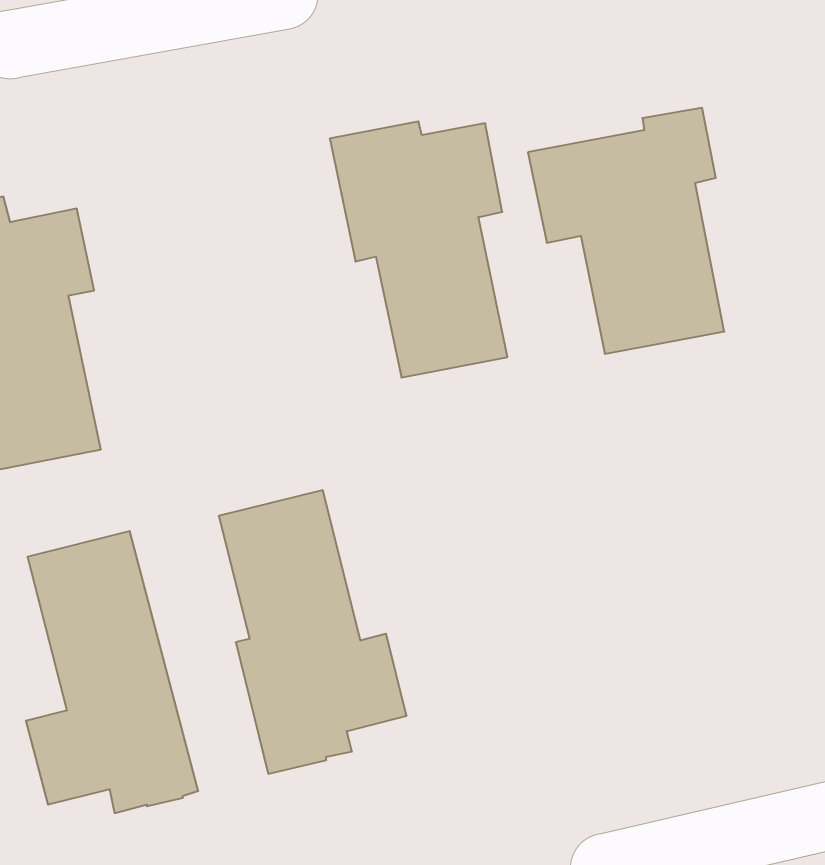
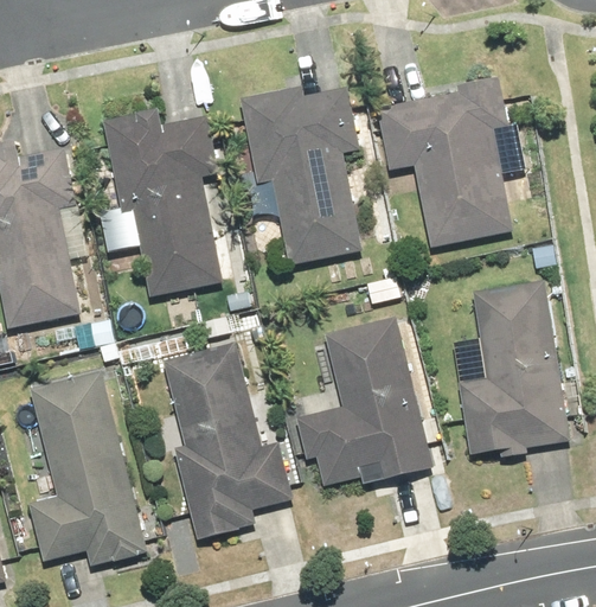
building: none -> [100,107,223,296]
building: none -> [459,280,570,456]
building: none -> [296,315,432,485]

